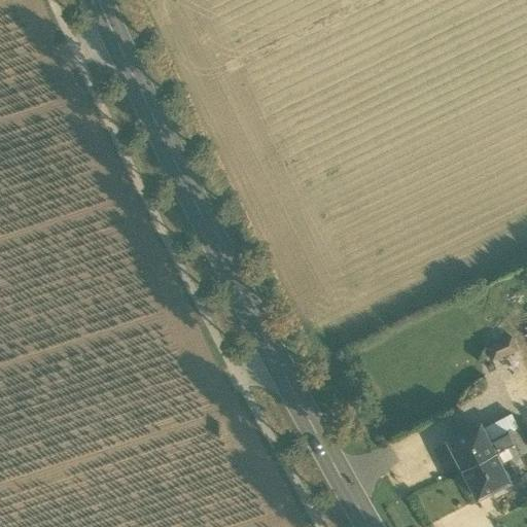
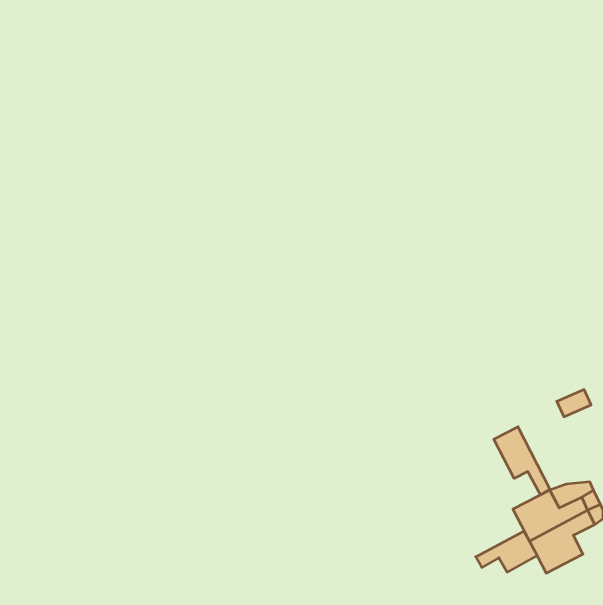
building: none -> [494,427,550,495]
building: none -> [476,531,537,572]

